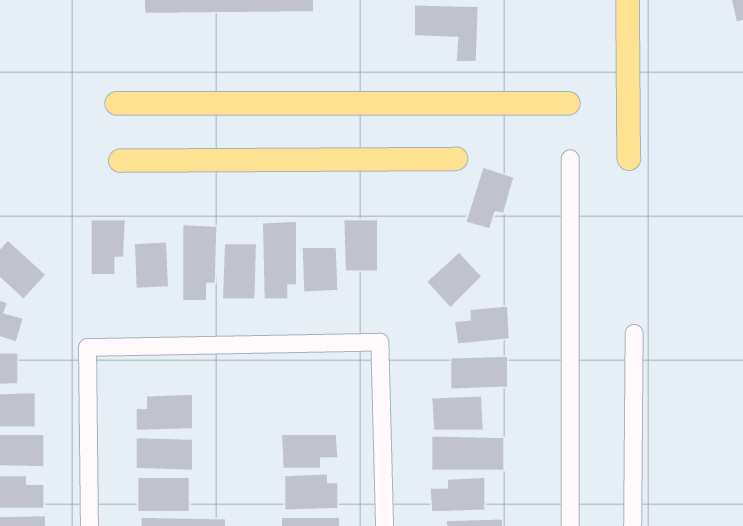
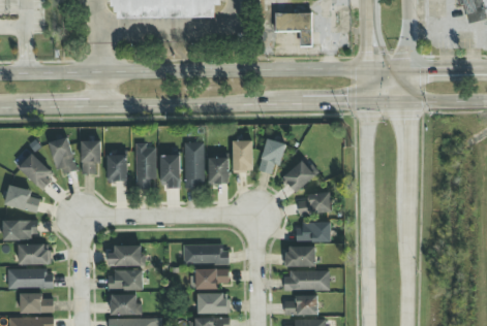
building: [466,167,514,229] -> [256,137,285,174]
building: none -> [49,137,75,173]
building: none -> [183,244,227,263]

